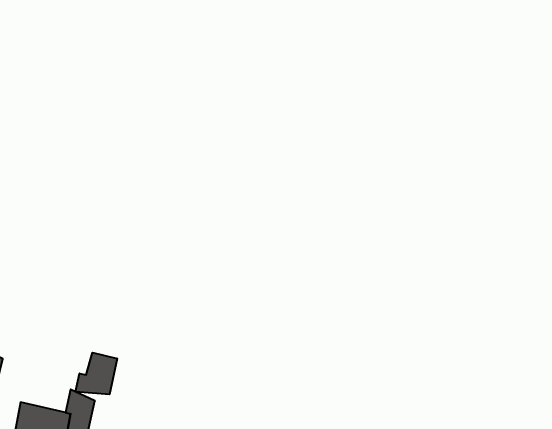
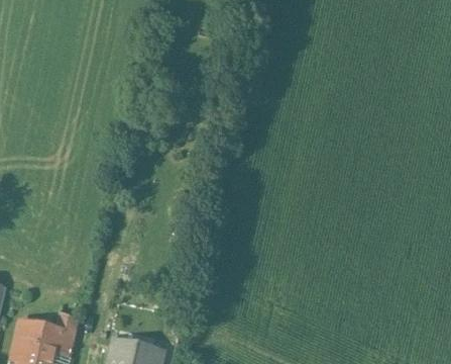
building: [76,353,117,394] -> none

